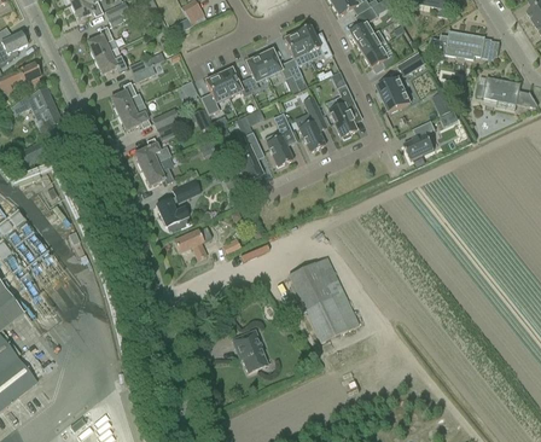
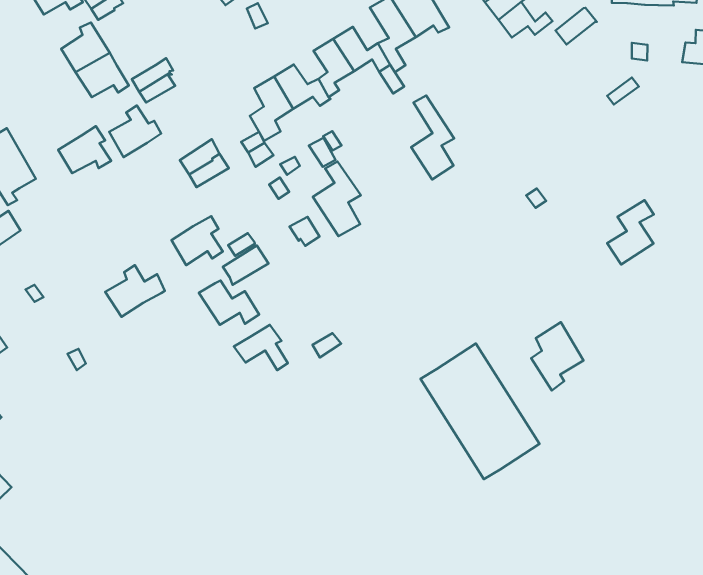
building: [377,76,409,111] -> none
building: [328,83,355,138] -> none
building: [117,101,150,129] -> [58,126,111,173]
building: [264,112,295,165] -> none
building: [403,120,435,158] -> [607,200,654,264]
building: [133,138,170,169] -> [105,265,165,317]
building: none -> [531,322,584,390]
building: [231,328,267,372] -> none

